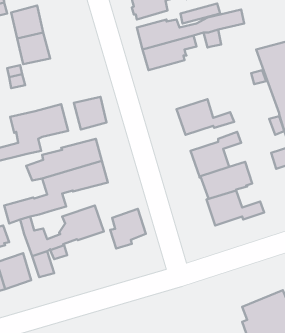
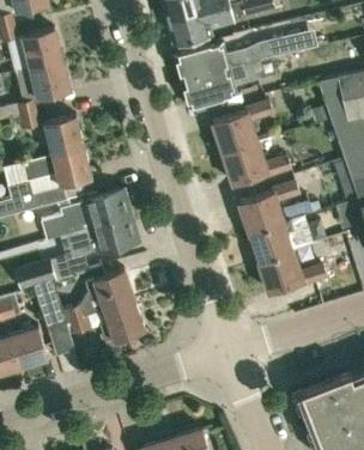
building: none -> [212,101,272,153]
building: [74,97,107,130] -> [43,116,83,156]
building: [110,209,146,249] -> [101,300,144,348]

